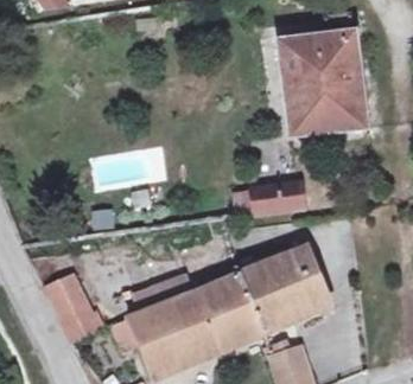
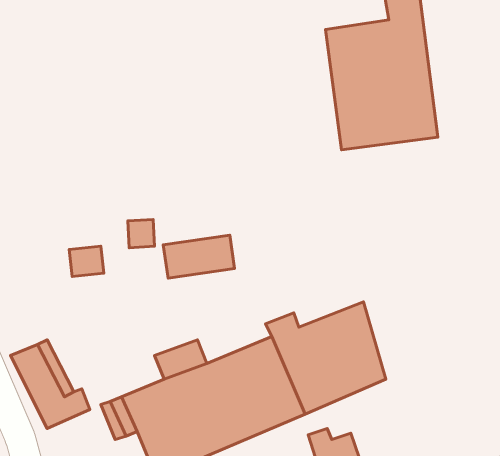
building: [252,183,305,215] -> [163,235,235,278]

